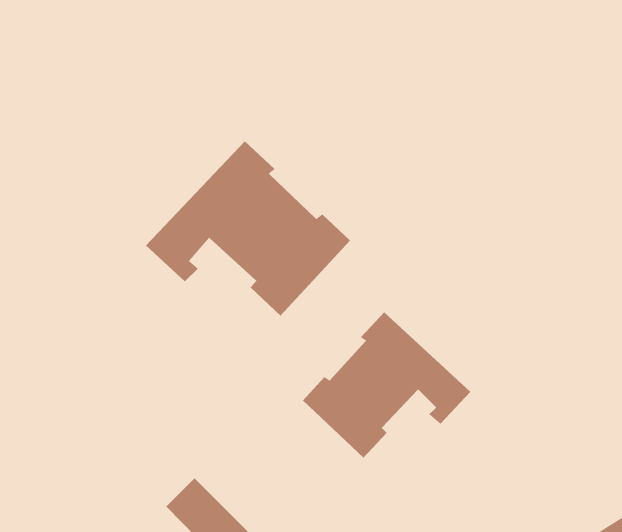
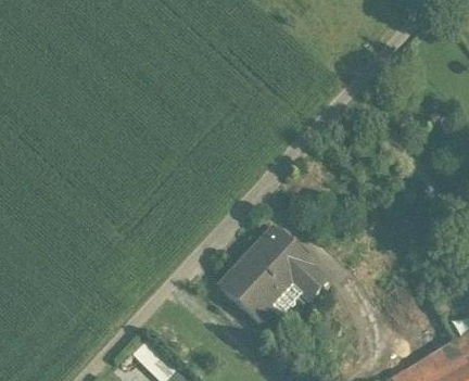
building: [145,140,351,316] -> none

